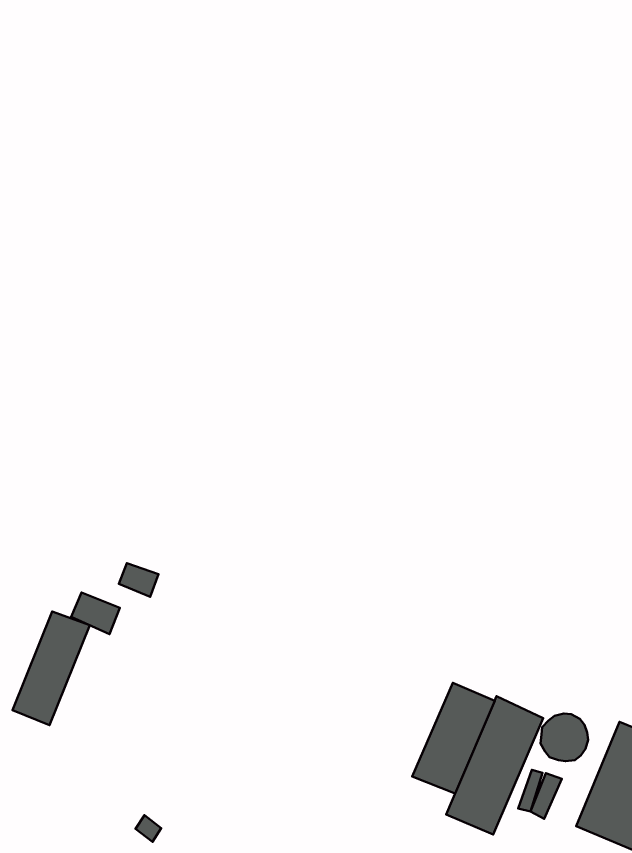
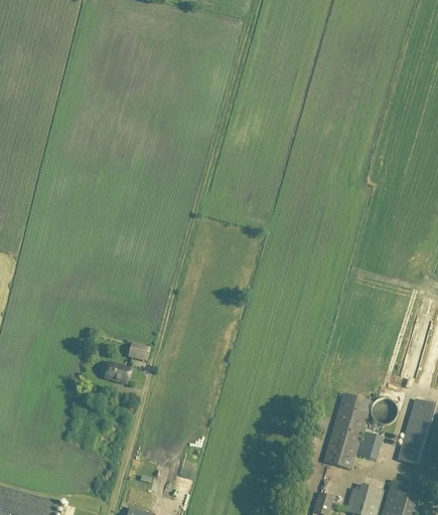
building: [12,611,90,725] -> none
building: [412,683,495,793] -> none

